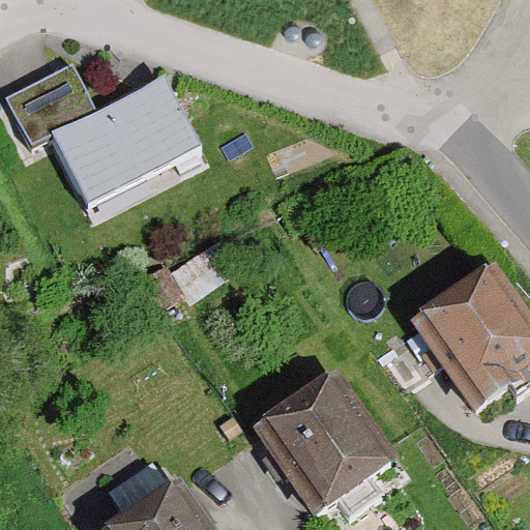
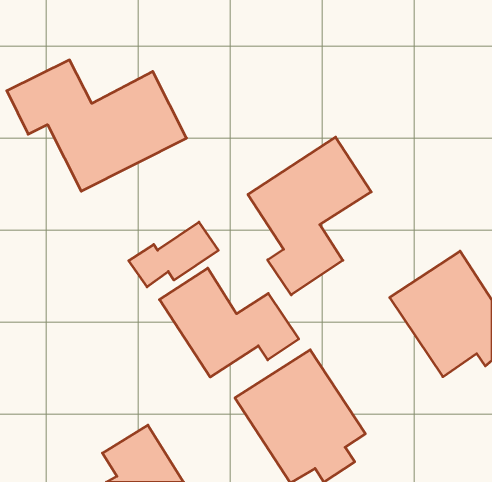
building: none -> [248,137,371,295]
building: none -> [159,268,299,377]

